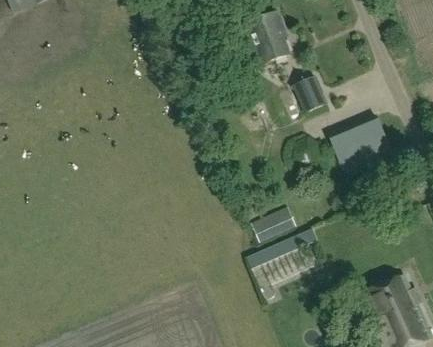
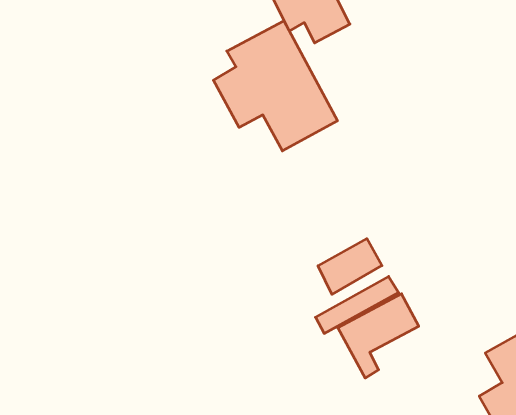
building: none -> [213,21,337,151]
building: [290,76,322,111] -> none
building: [329,113,392,172] -> none

